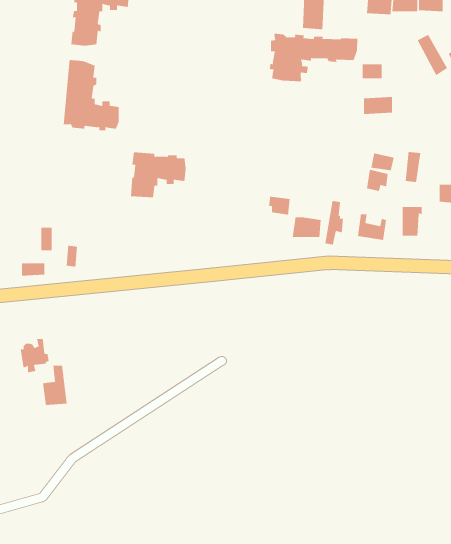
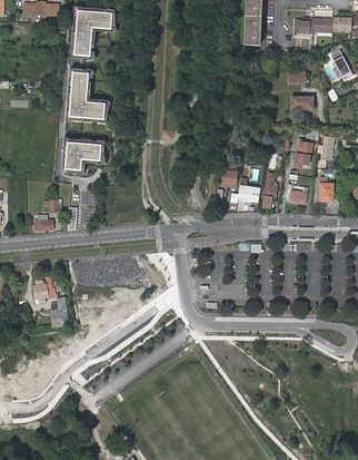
building: [269,33,358,82] -> none
building: [130,152,187,198] -> [62,138,105,173]

